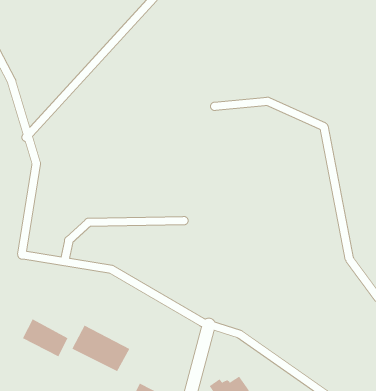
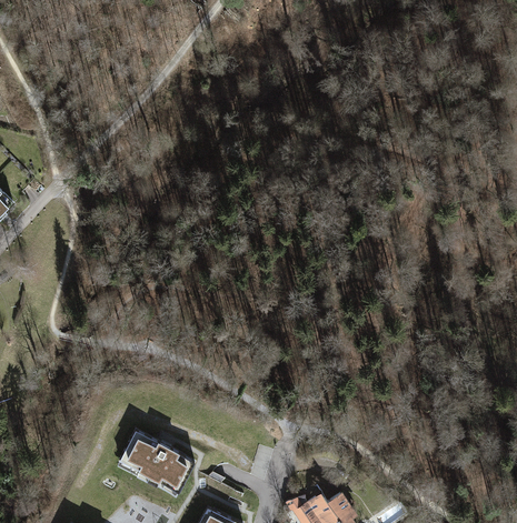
building: [22,319,68,357] -> none

